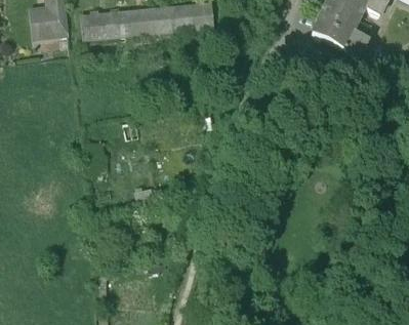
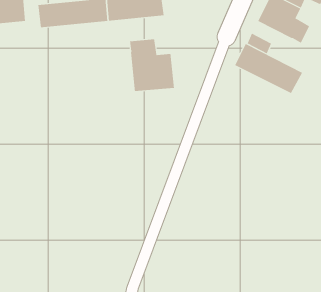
building: none -> [130,38,175,92]
building: none -> [234,43,303,94]

